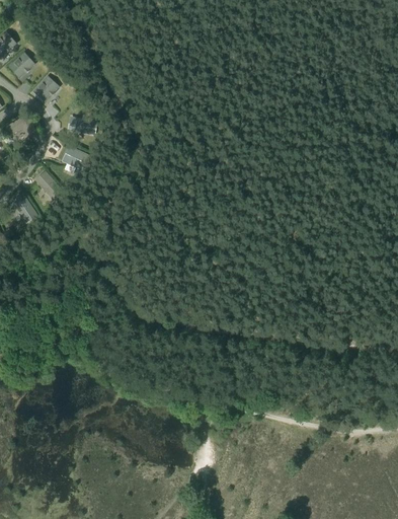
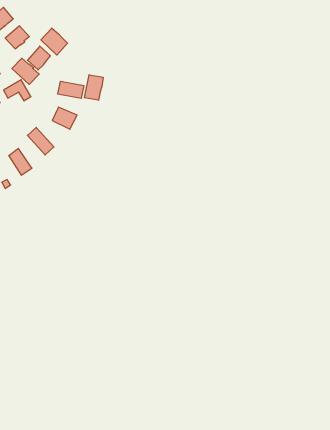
building: none -> [41,28,68,55]
building: none -> [12,58,39,84]
building: none -> [84,75,103,100]

